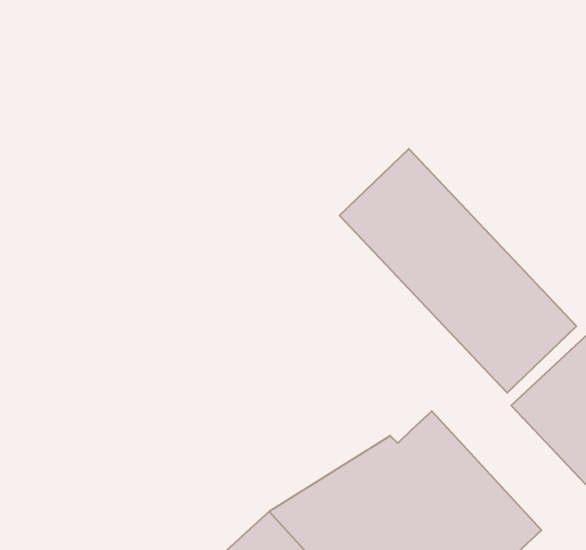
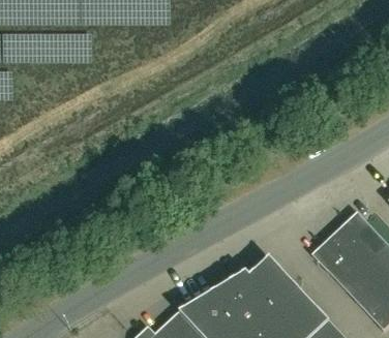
building: [340,149,576,393] -> none

